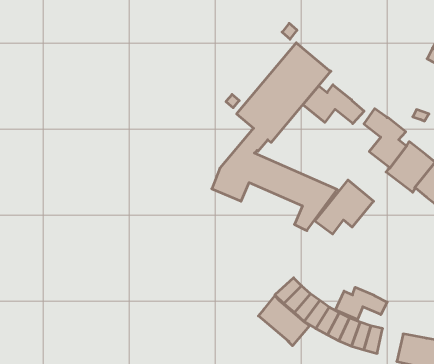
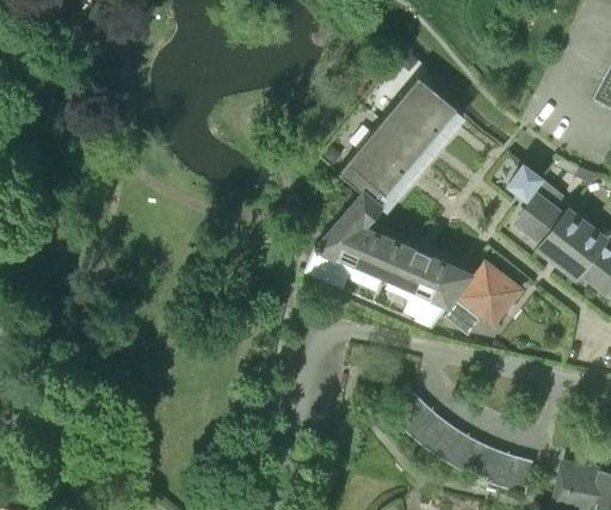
building: [303,85,364,124] -> none
building: [335,287,387,320] -> none
building: [258,296,310,346] -> none

